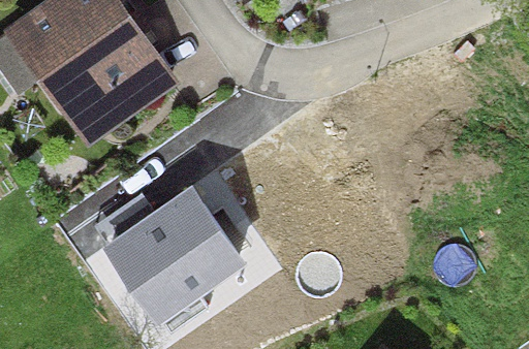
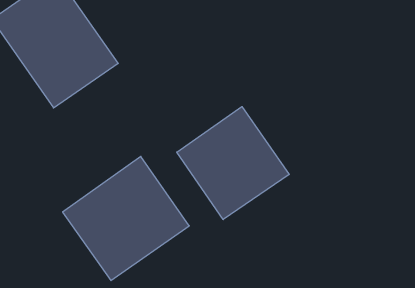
building: none -> [177,107,289,220]

